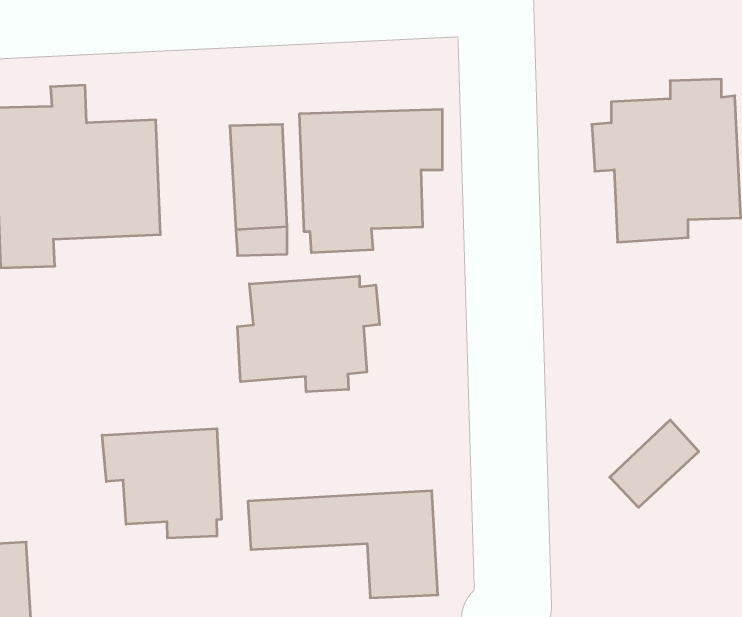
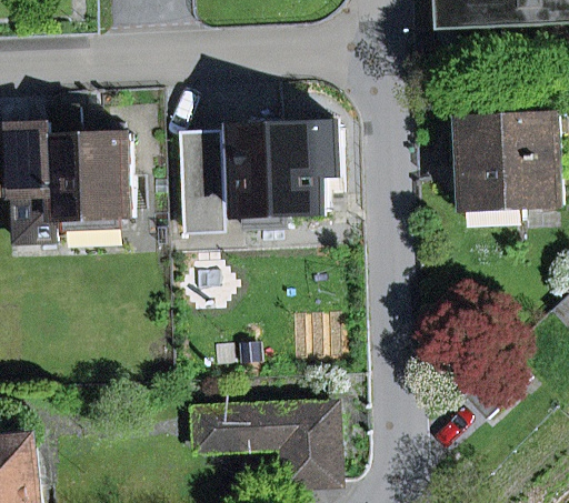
building: [237,276,380,392] -> none
building: [102,429,221,538] -> none

